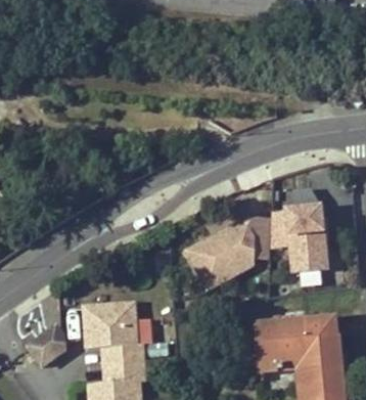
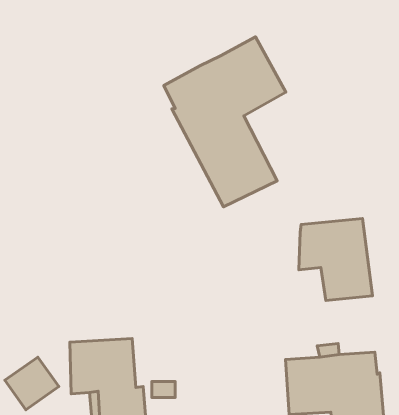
building: none -> [164,37,286,207]
building: [184,217,271,293] -> none

